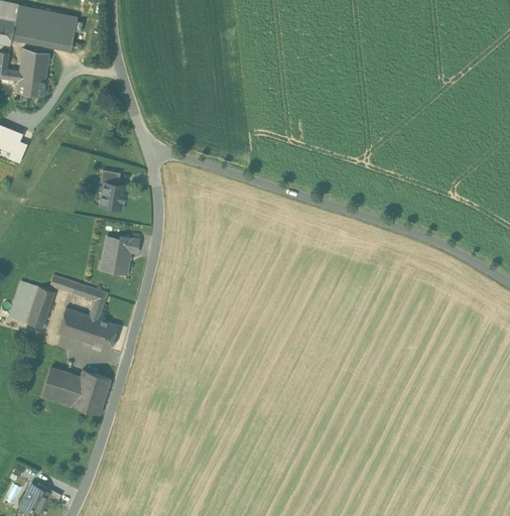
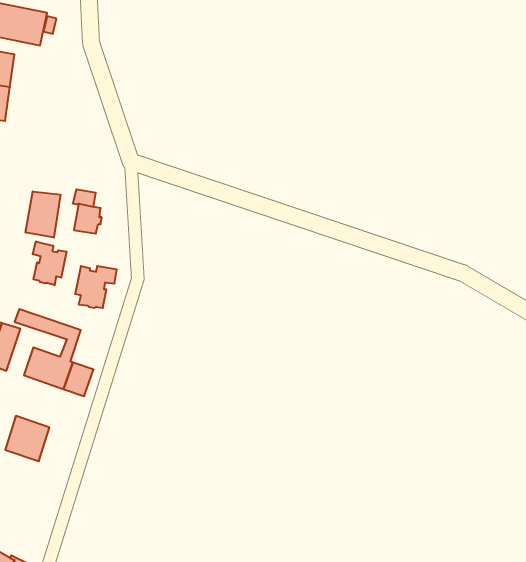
building: none -> [26,191,60,238]
building: none -> [33,241,67,285]
building: [71,371,111,416] -> none

